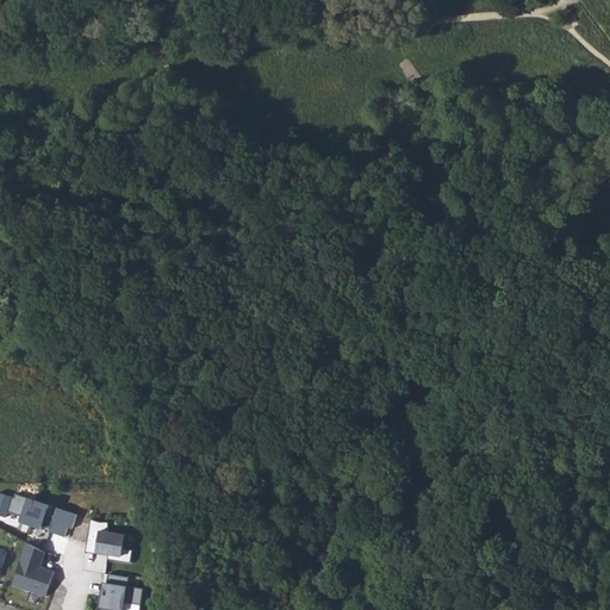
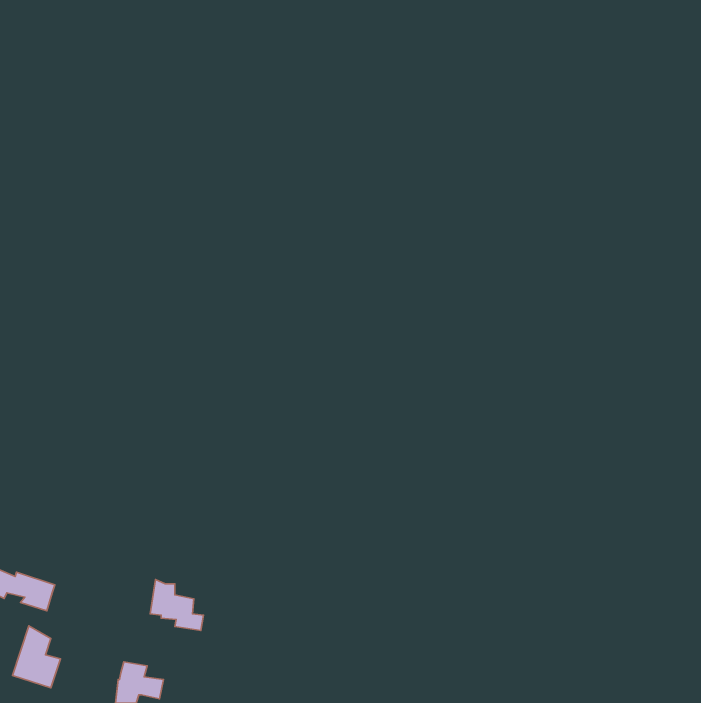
building: [41,509,75,537] -> none
building: [85,518,131,562] -> [150,580,204,630]

